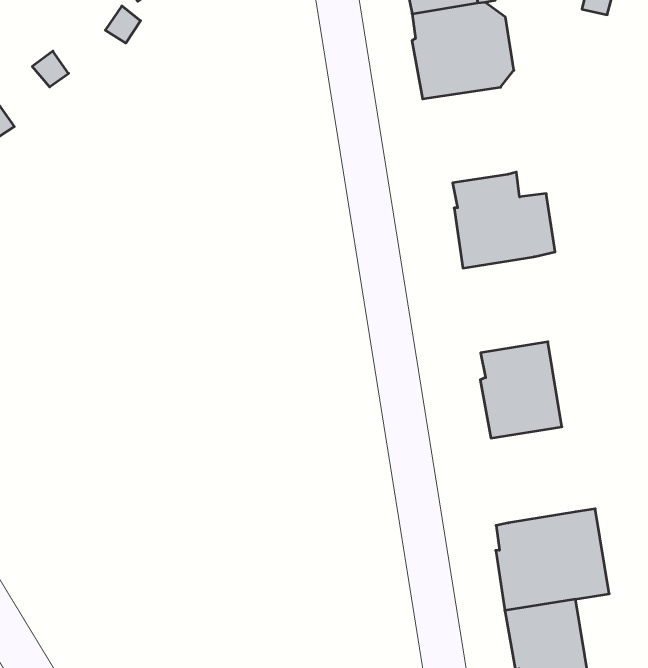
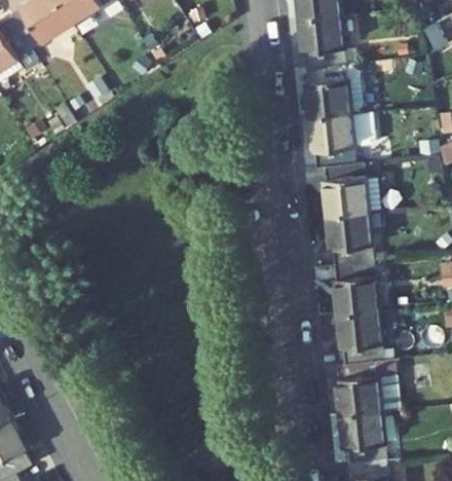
building: none -> [309,111,373,166]
building: none -> [327,212,373,265]
building: none -> [337,310,383,364]

